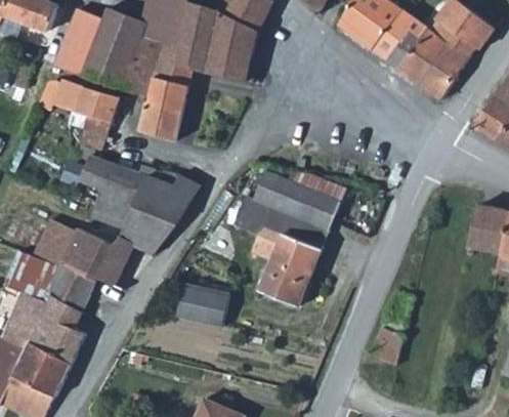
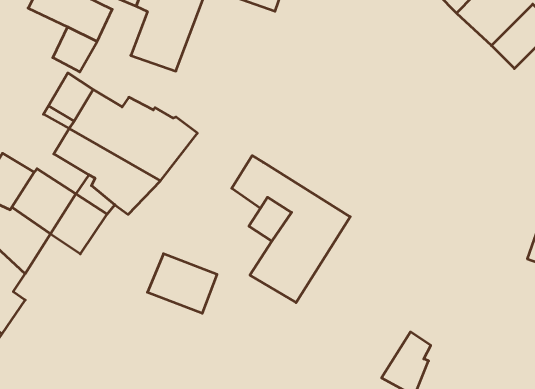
building: [245,170,340,232] -> none

